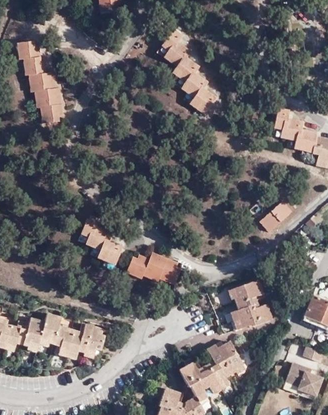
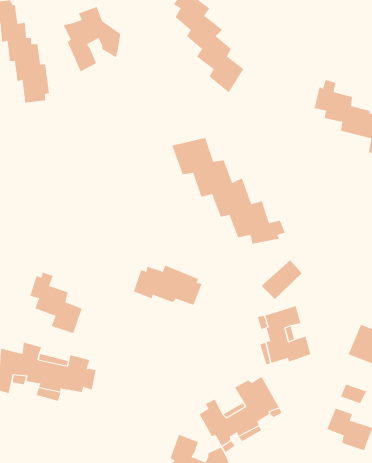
building: none -> [63,6,121,72]
building: none -> [172,137,285,244]
building: [261,199,294,231] -> [261,259,303,300]
building: [84,216,126,265] -> [29,272,83,334]

